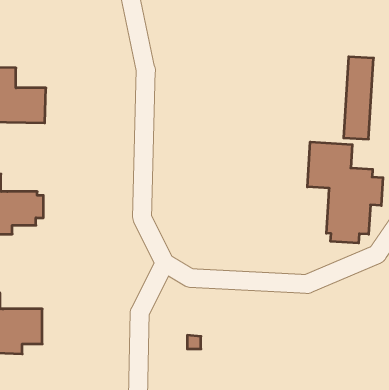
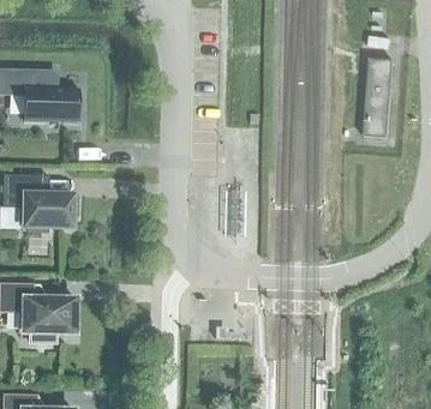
building: [307,142,383,243] -> none

